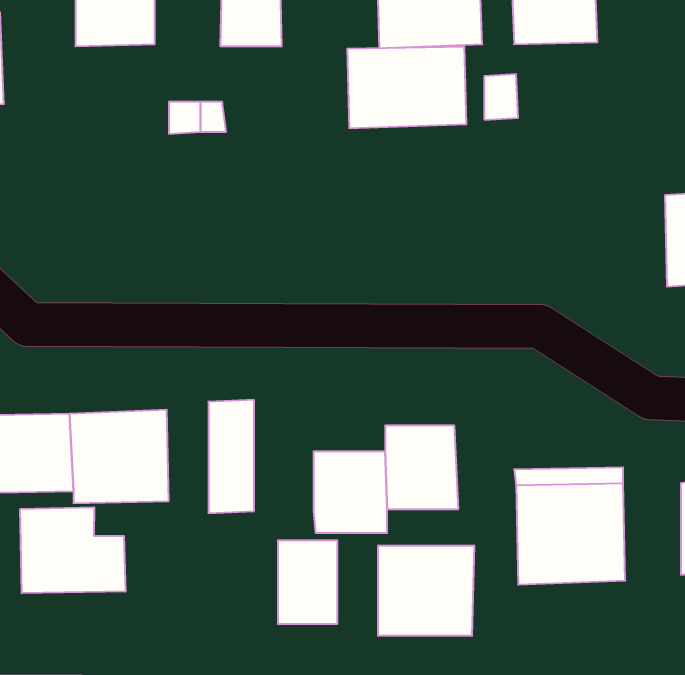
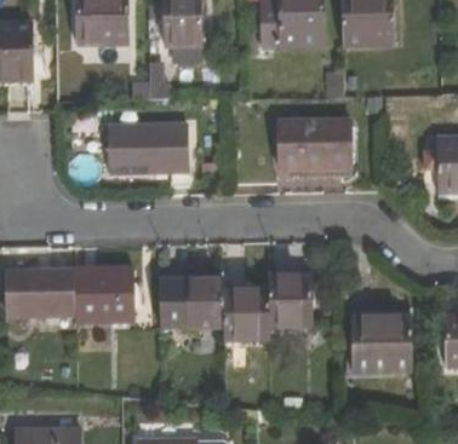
building: [347,47,466,128] -> [279,115,351,165]
building: none -> [109,123,188,171]
building: [20,507,126,593] -> none
building: [278,540,337,624] -> [185,278,222,329]
building: [378,545,474,636] -> none

